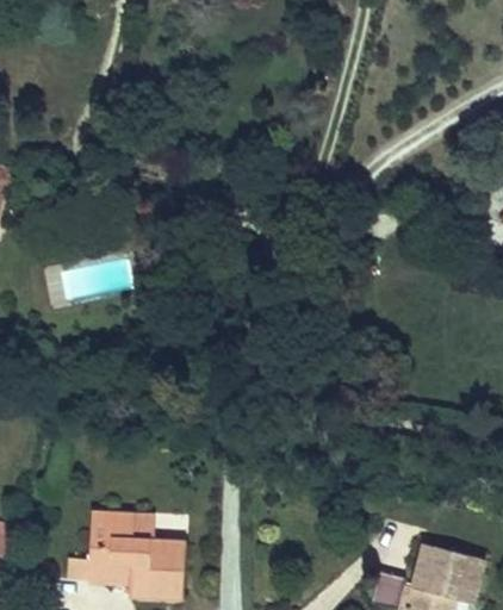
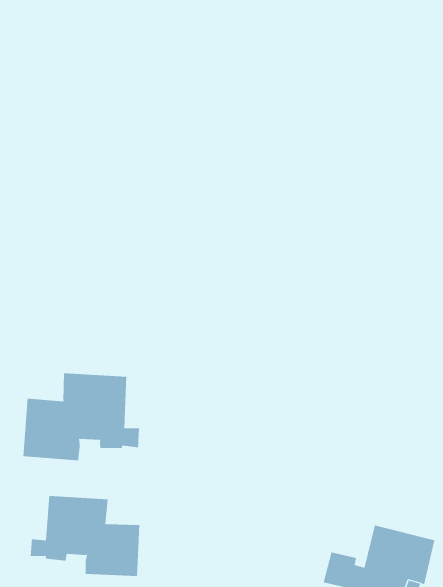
building: none -> [23,372,140,461]

